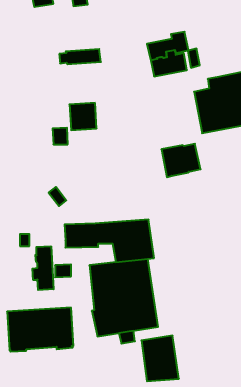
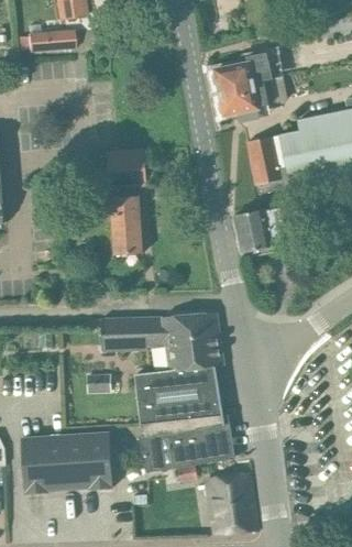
building: [59,49,101,64] -> [19,30,76,51]
building: none -> [248,136,283,193]
building: none -> [111,196,143,254]
building: [32,246,54,290] -> none

